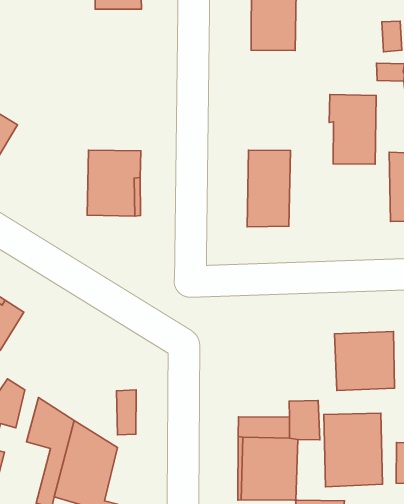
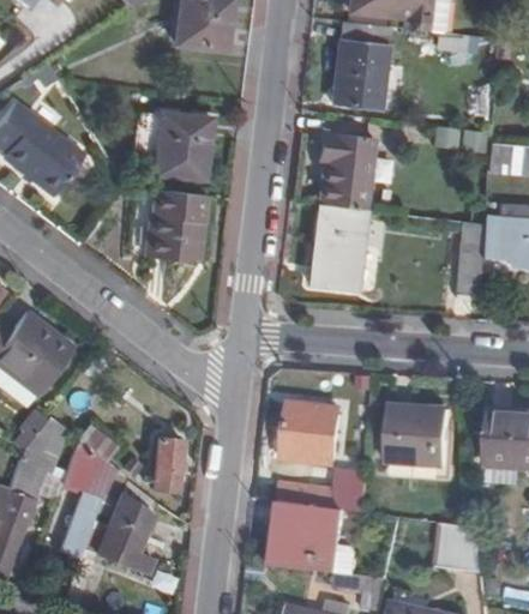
building: none -> [155,115,209,180]
building: [329,94,376,164] -> [320,136,372,212]
building: none -> [285,399,339,463]
building: [324,413,382,487] -> none

